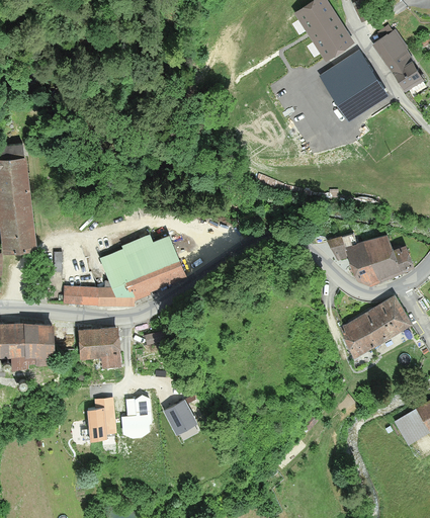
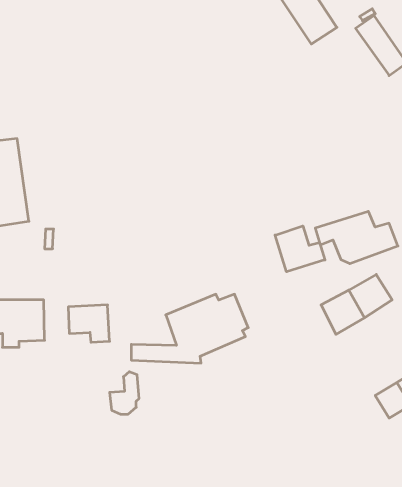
building: [322,52,388,118] -> none
building: [64,236,184,307] -> [131,294,248,363]
building: none -> [275,226,325,272]
building: [87,398,115,439] -> none
building: [163,399,196,434] -> none

